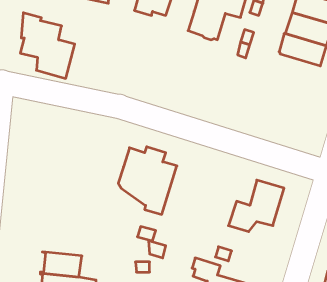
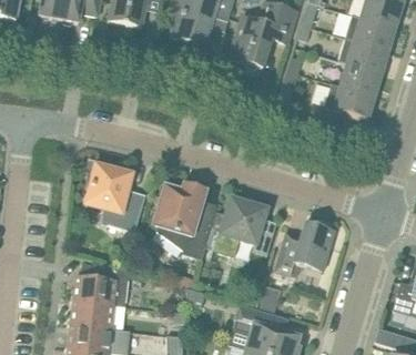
building: [20,13,75,78] -> [85,159,145,231]
building: none -> [324,82,375,120]
building: none -> [216,199,277,255]
building: none -> [70,258,128,304]

